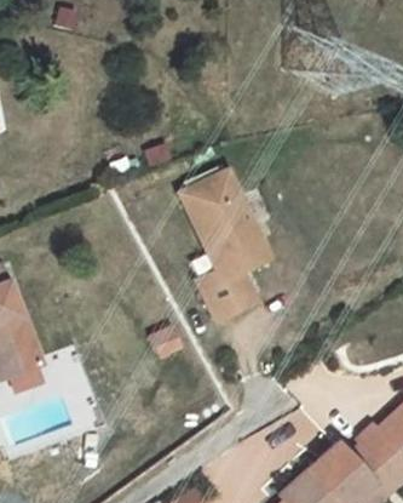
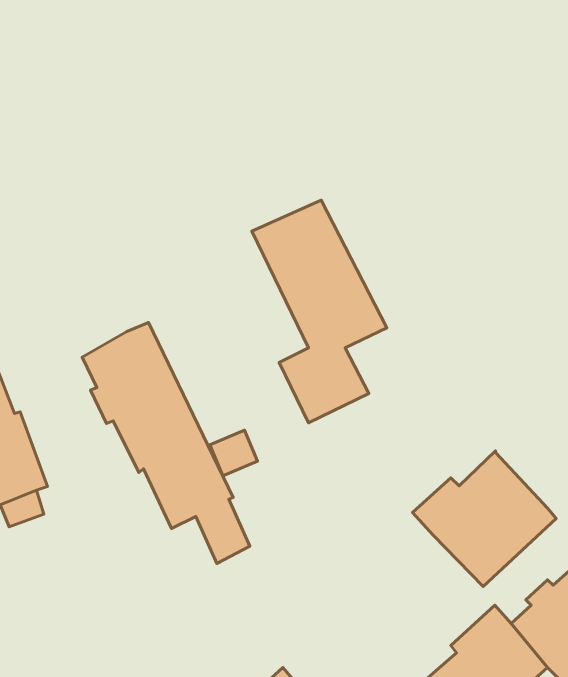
building: none -> [82,323,250,563]
building: none -> [412,451,556,586]

